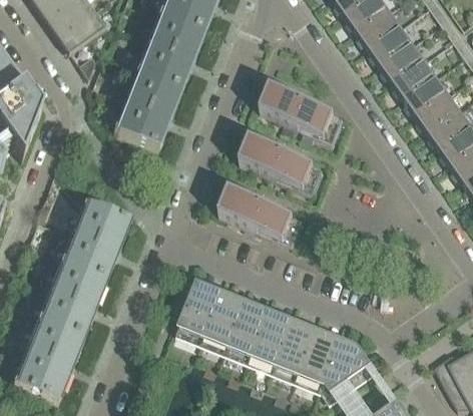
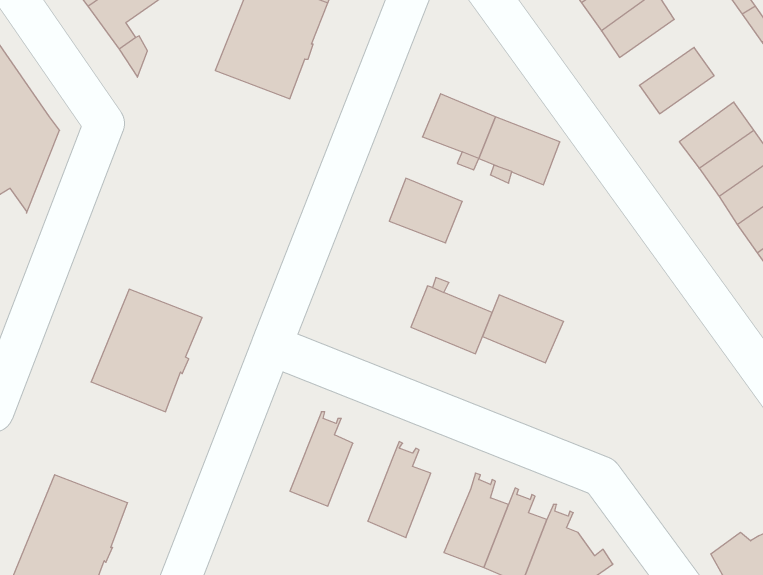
building: [380,42,425,82] -> none
building: [112,73,180,148] -> none
building: [404,76,449,116] -> none
building: [275,152,324,193] -> [482,295,564,363]
building: [219,190,264,229] -> none
building: [38,262,105,335] -> none
building: [203,289,243,346] -> none
building: [251,308,290,365] -> none

